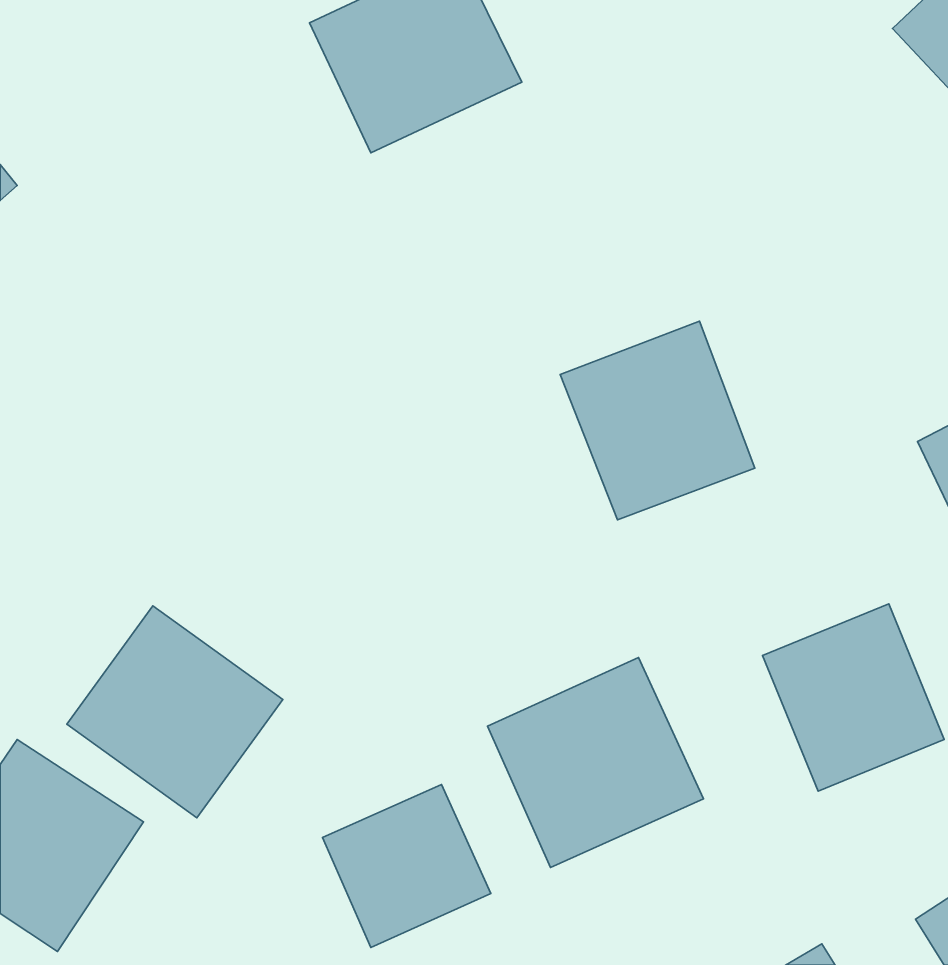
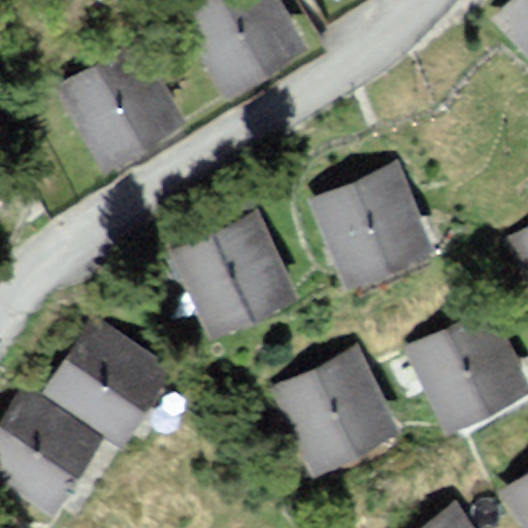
building: none -> [66,43,178,152]
building: none -> [180,223,289,334]
building: [322,785,491,947] -> none

